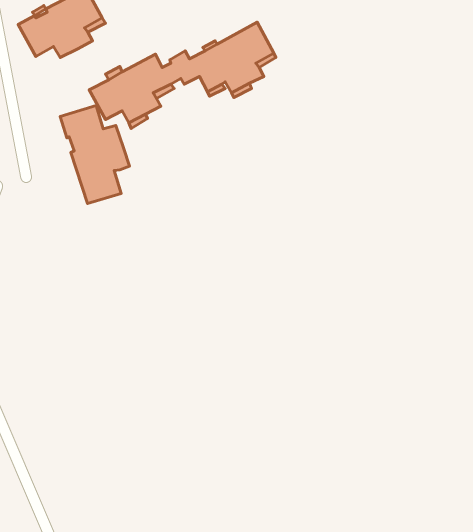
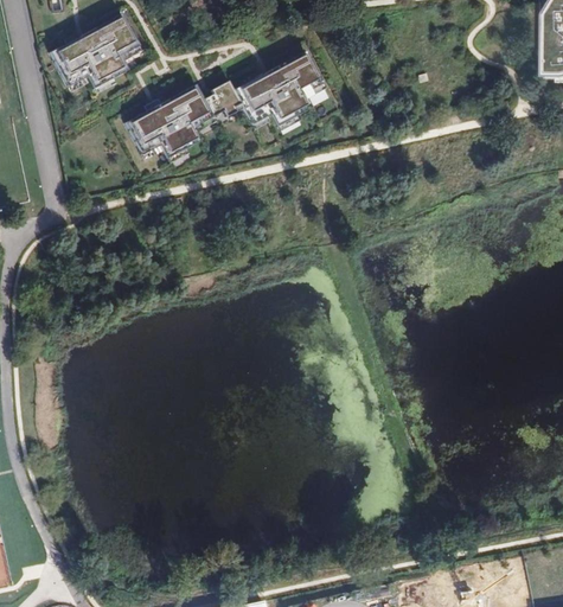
building: [60,106,129,204] -> none

